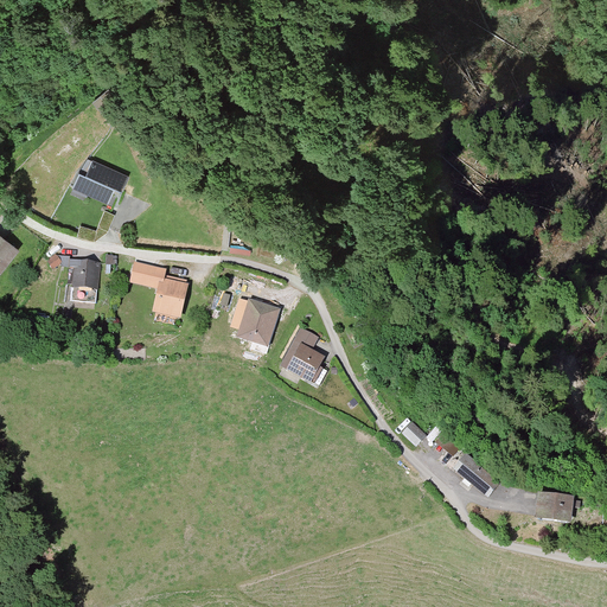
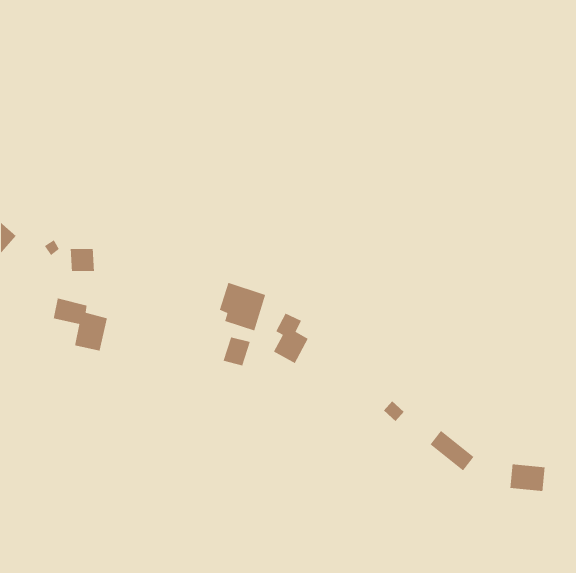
building: [74,158,126,202] -> none
building: [128,261,186,318] -> [53,297,108,352]
building: none -> [223,336,251,366]

